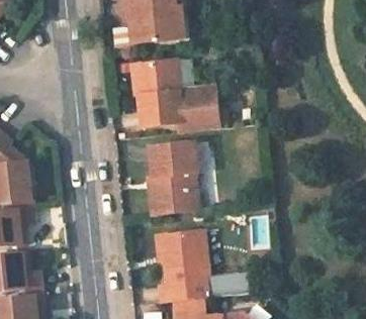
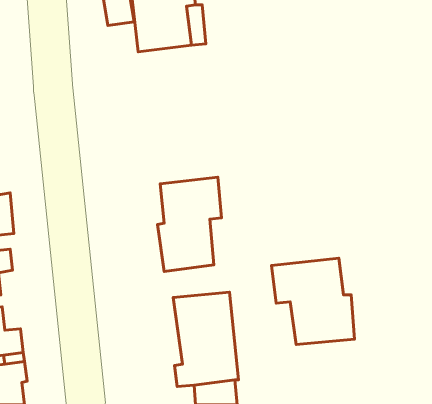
building: [133,61,218,132] -> none
building: none -> [272,258,354,344]

